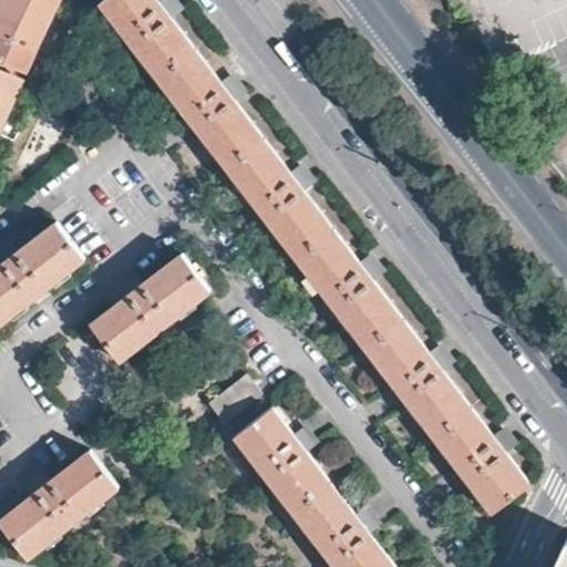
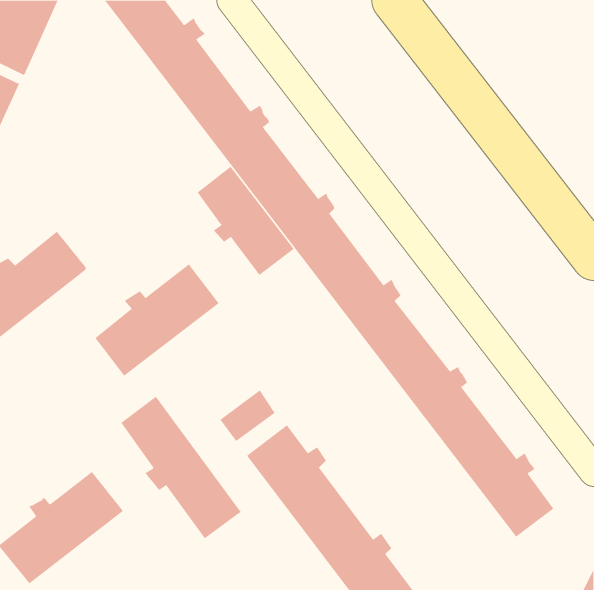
building: none -> [197,166,294,276]
building: none -> [121,396,241,539]

